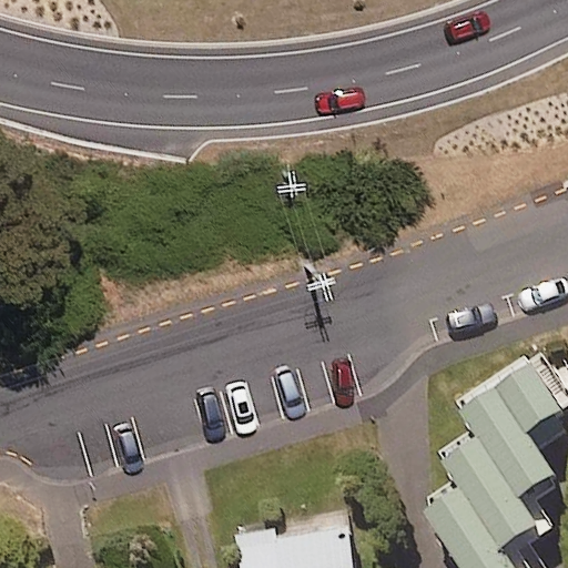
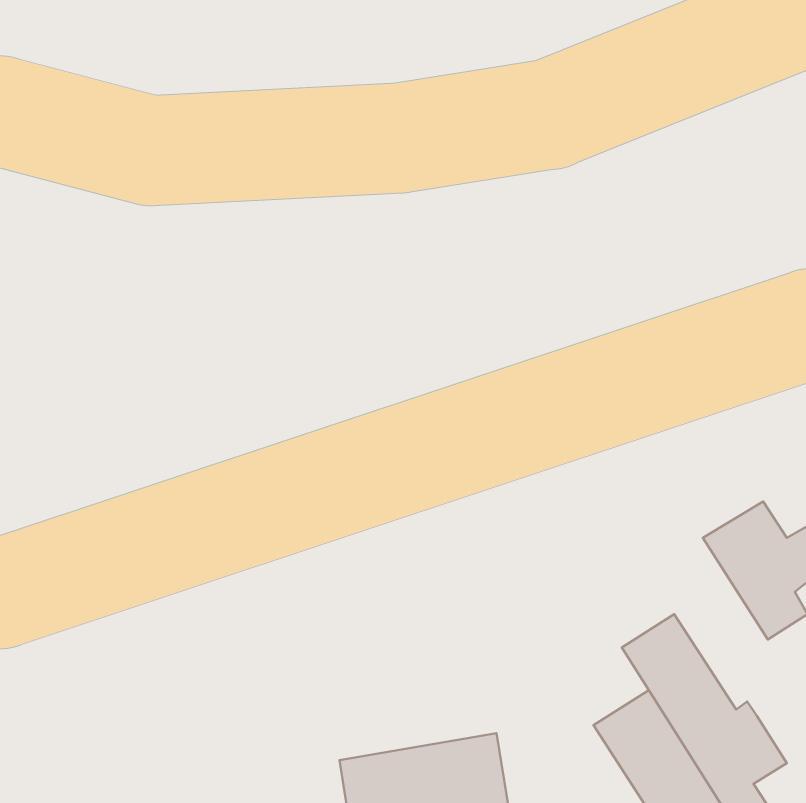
building: [457,382,555,501] -> none

